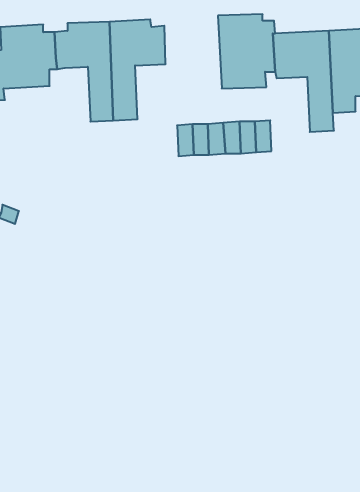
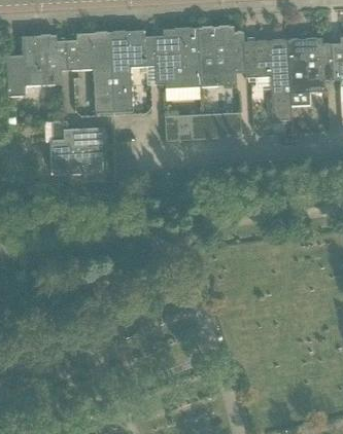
building: none -> [155,27,201,87]
building: none -> [44,120,106,181]

